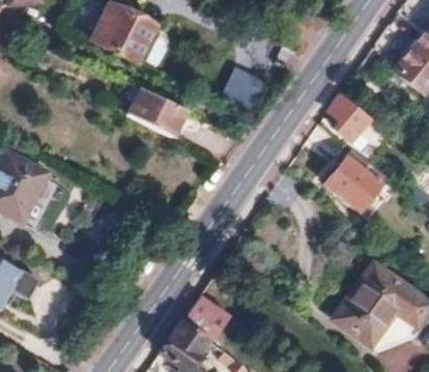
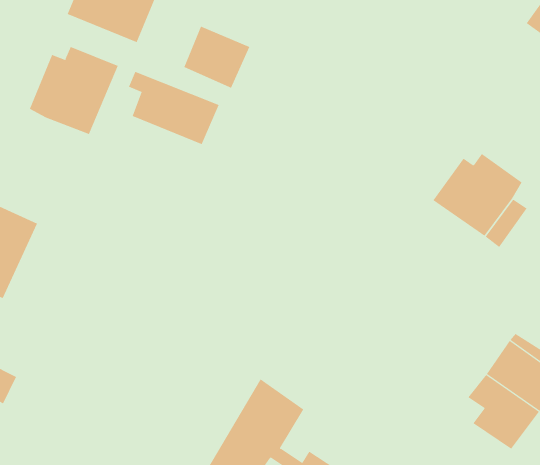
building: none -> [29,46,119,135]
building: [223,65,268,109] -> [183,26,250,88]
building: [328,93,371,141] -> none

